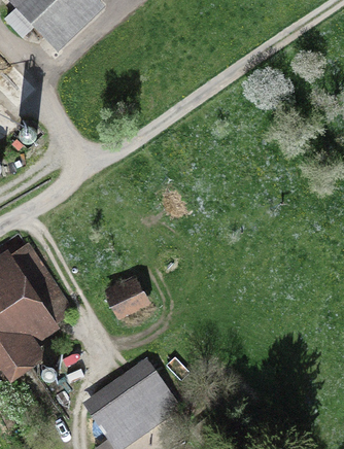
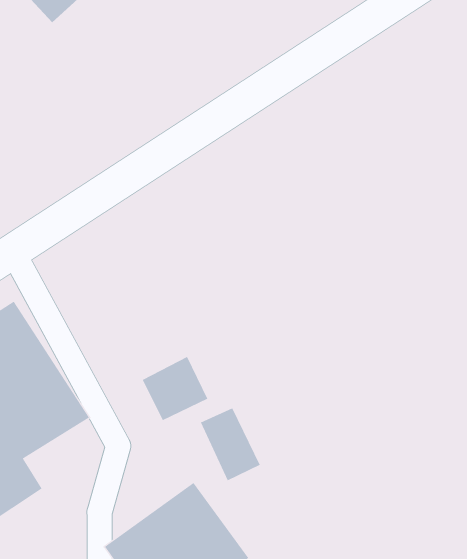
building: none -> [200,407,260,481]

